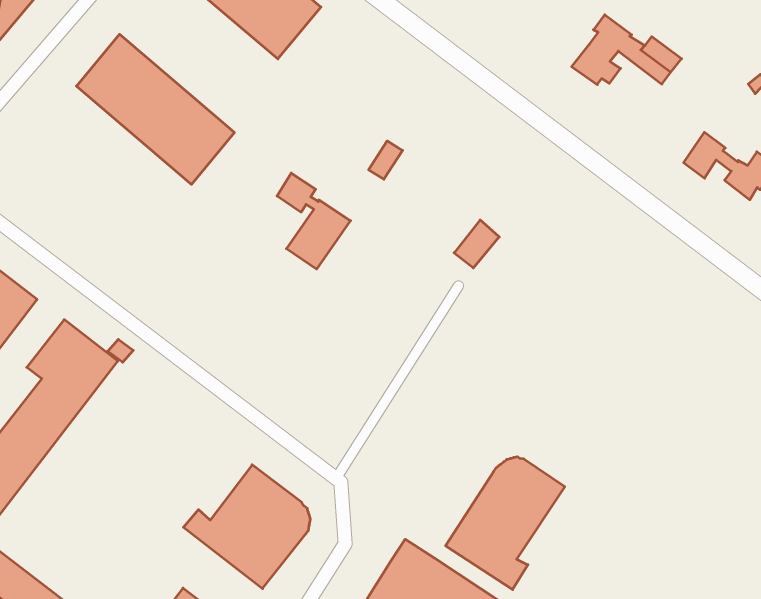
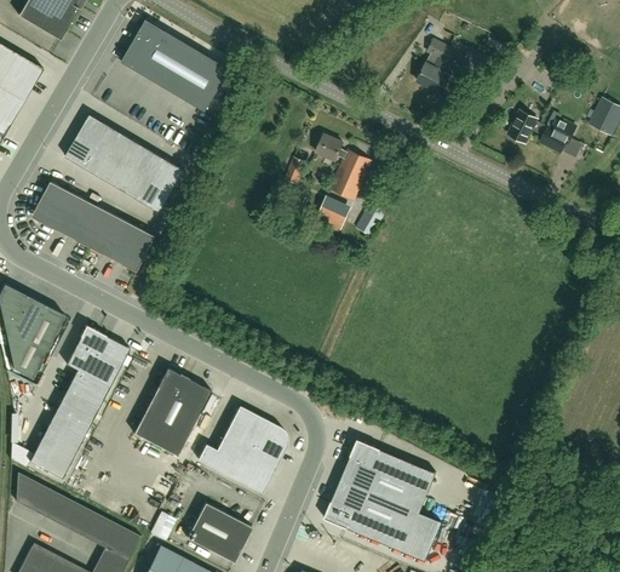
building: none -> [38,182,155,273]
building: [277,173,351,269] -> [316,136,372,201]
building: none -> [316,196,352,231]
building: none -> [133,368,212,457]
building: [446,457,565,590] -> none

